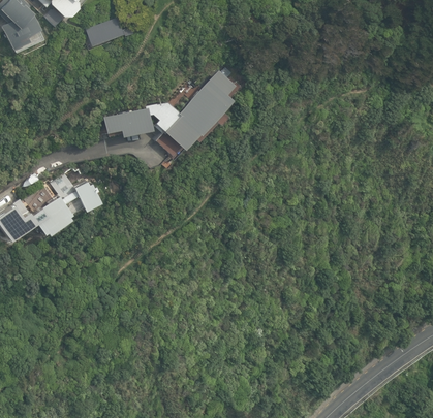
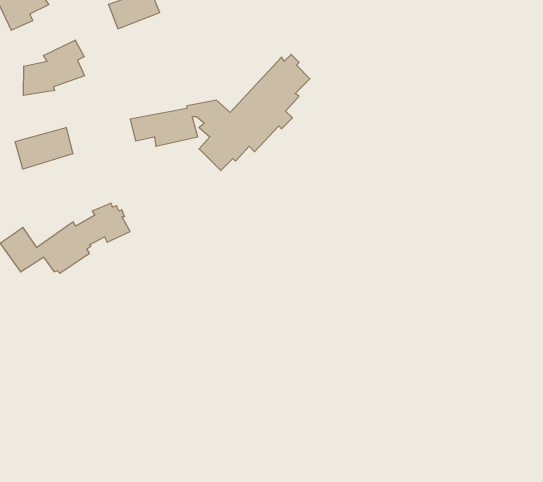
building: none -> [23,40,85,95]
building: none -> [15,127,73,169]

